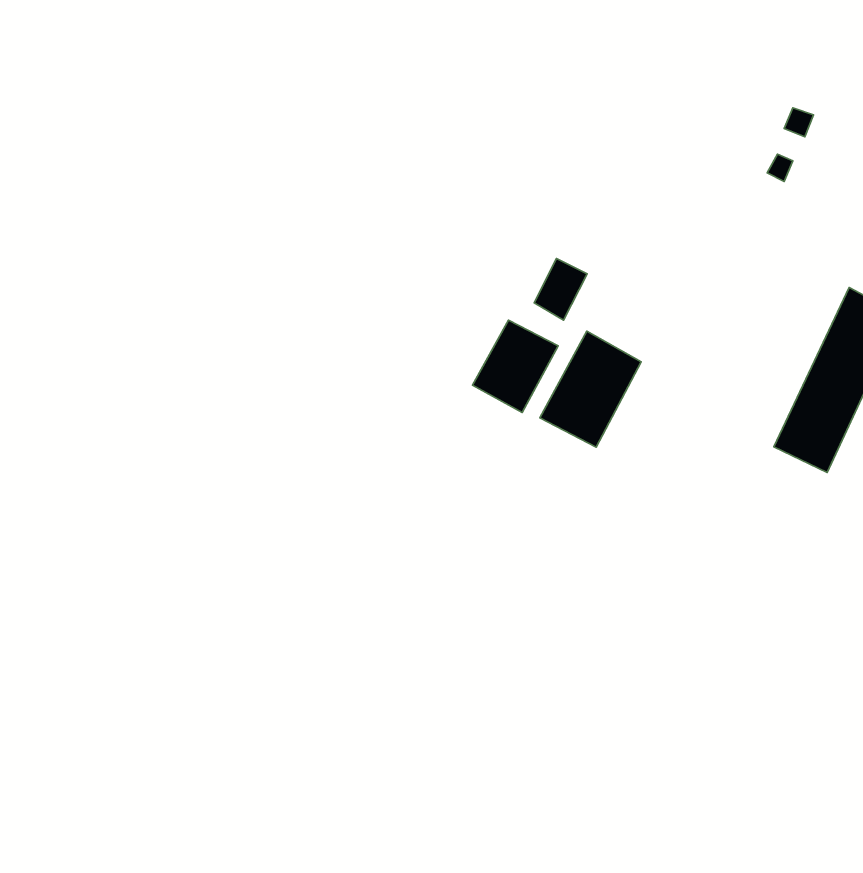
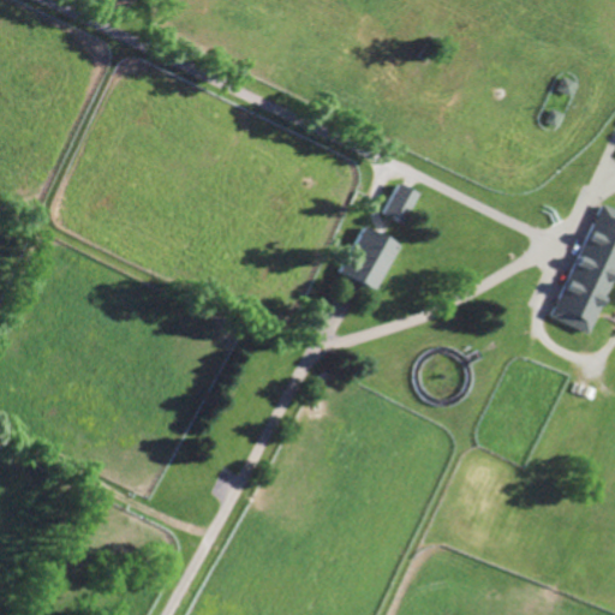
building: [540,331,641,447] -> none

